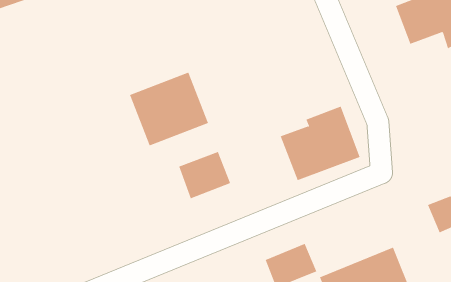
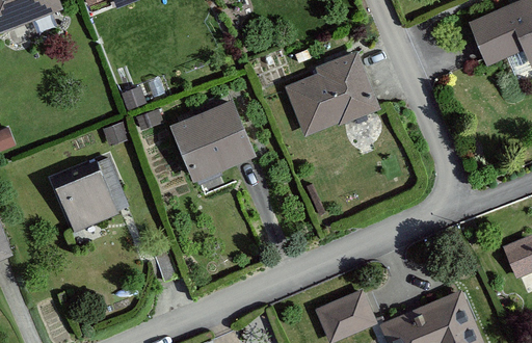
building: [280,106,360,181] -> [286,51,377,136]
building: none -> [53,166,124,234]
building: [178,151,231,199] -> none

